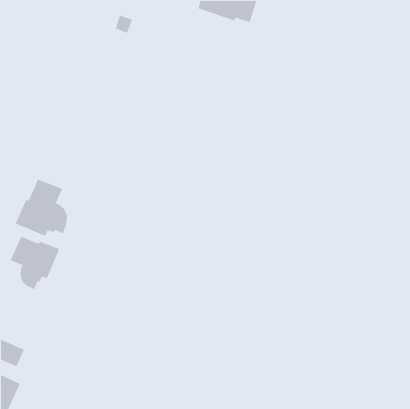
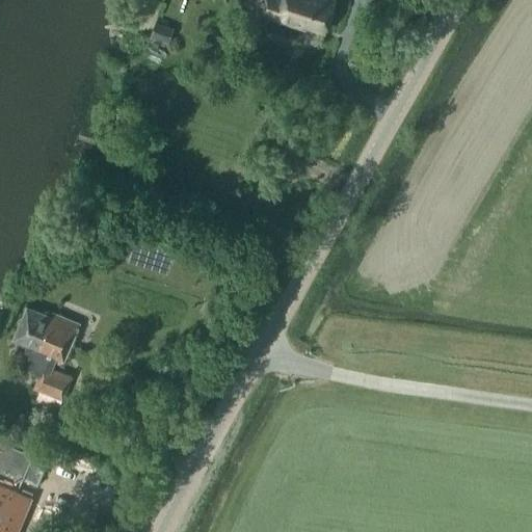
building: [15,178,68,237] -> none
building: none -> [38,367,72,400]

